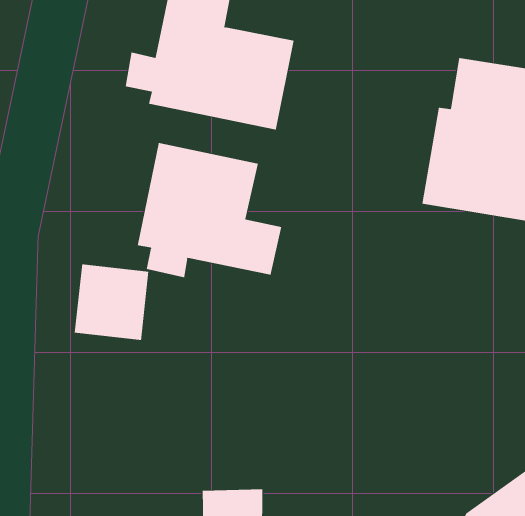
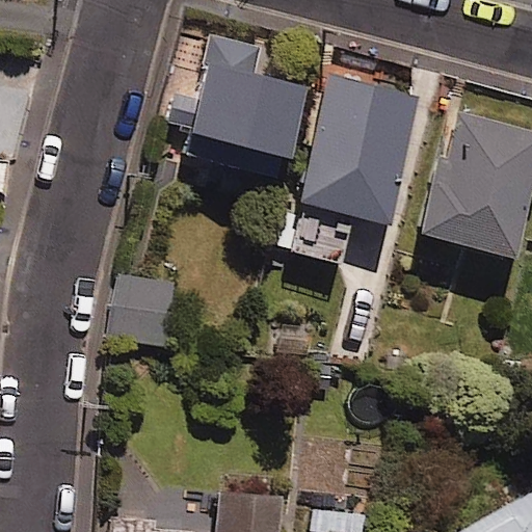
building: none -> [299,74,423,230]
building: [137,142,282,278] -> none

